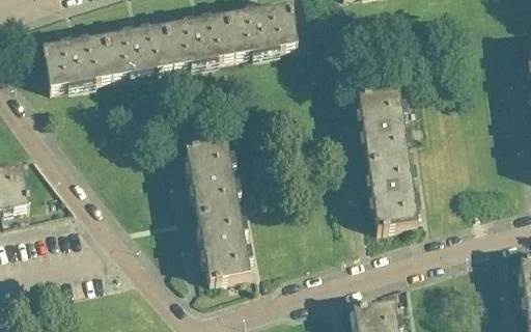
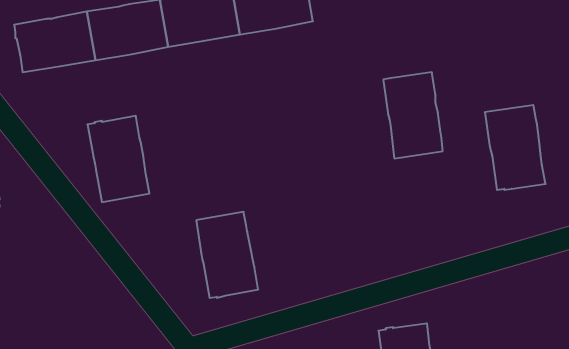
building: [186,138,239,212] -> [87,116,149,202]
building: [367,153,419,225] -> [485,105,546,190]

